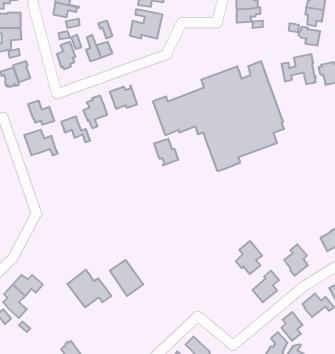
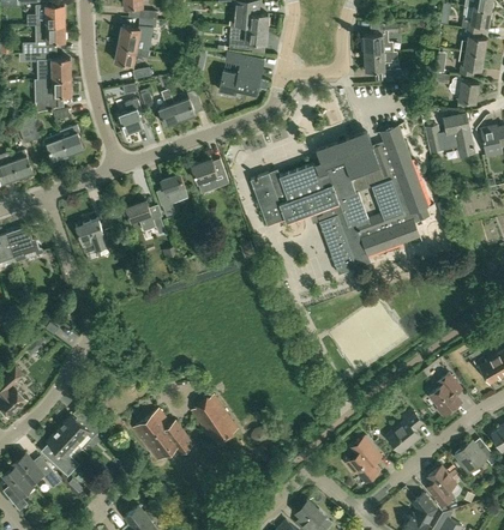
building: [28,101,54,125] -> none
building: [154,139,178,165] -> none
building: [236,241,262,274] -> [346,436,382,482]

